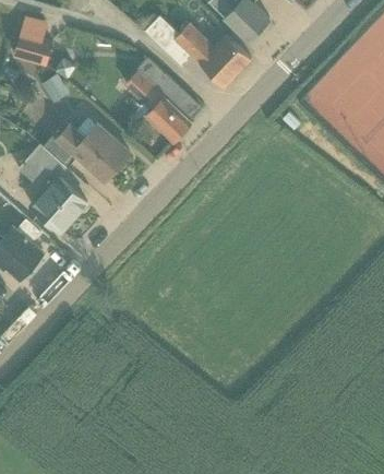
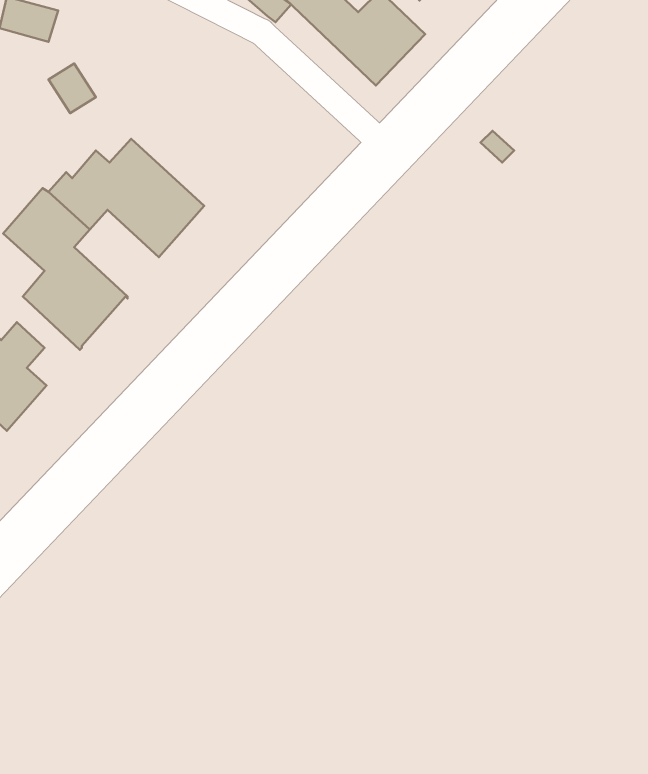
building: [123,58,201,142] -> none

